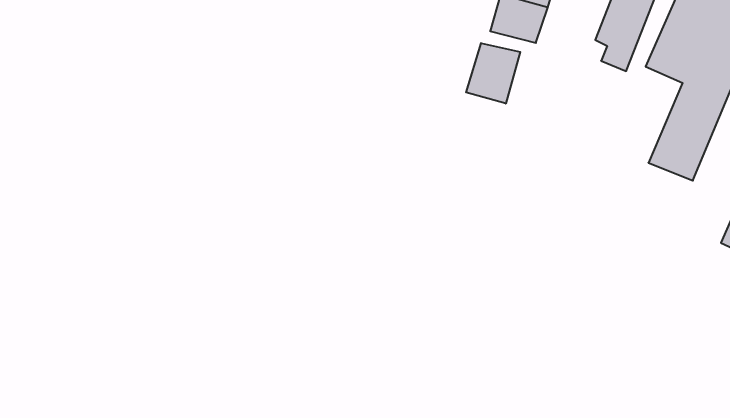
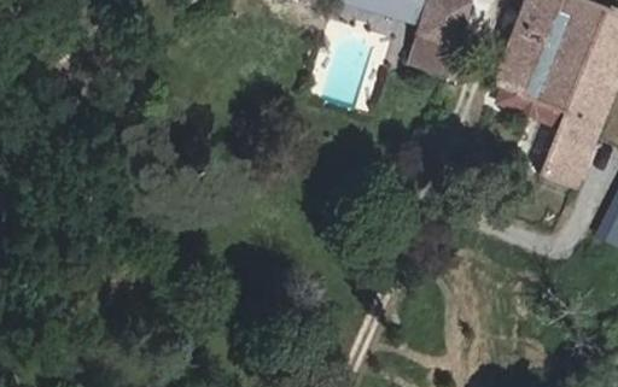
building: [466,43,520,104] -> none

